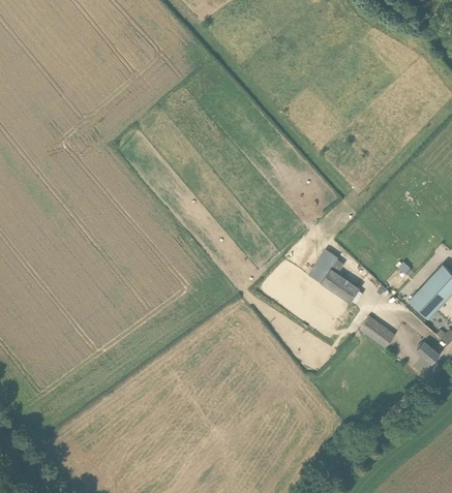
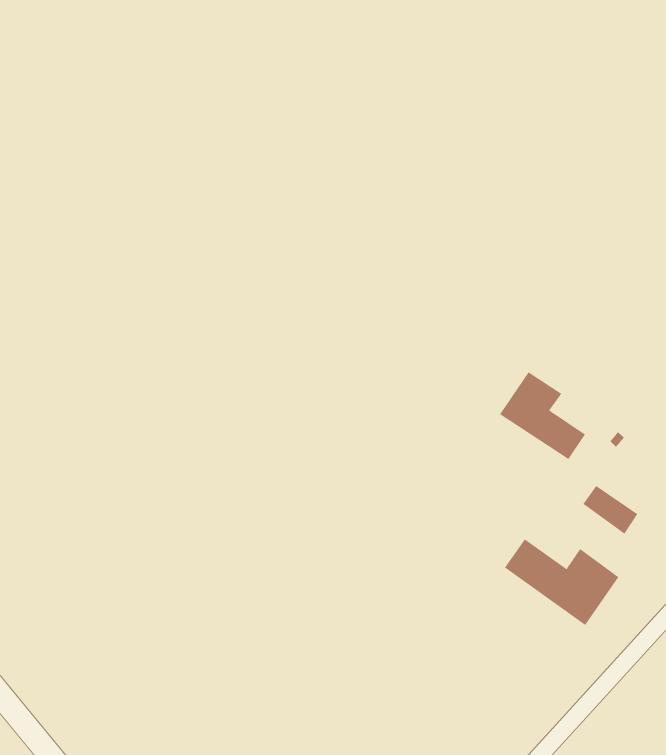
building: none -> [504,539,619,626]

